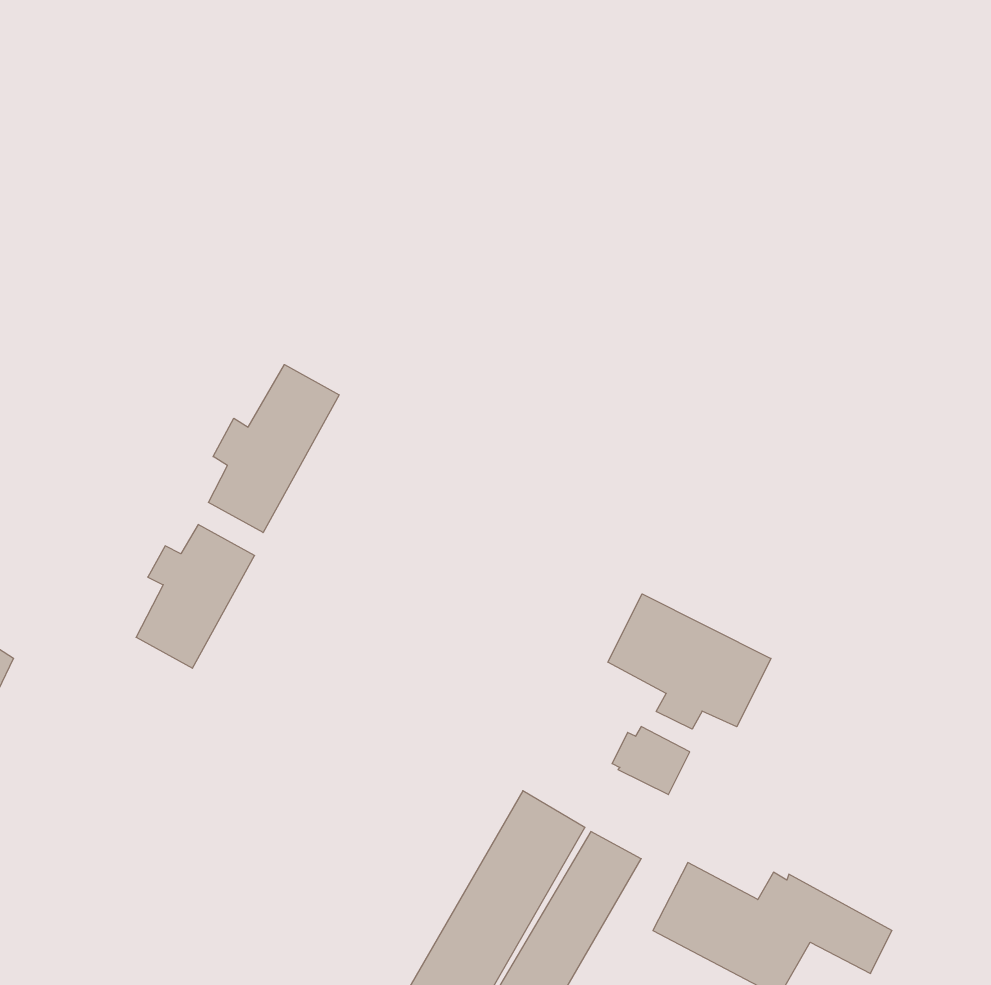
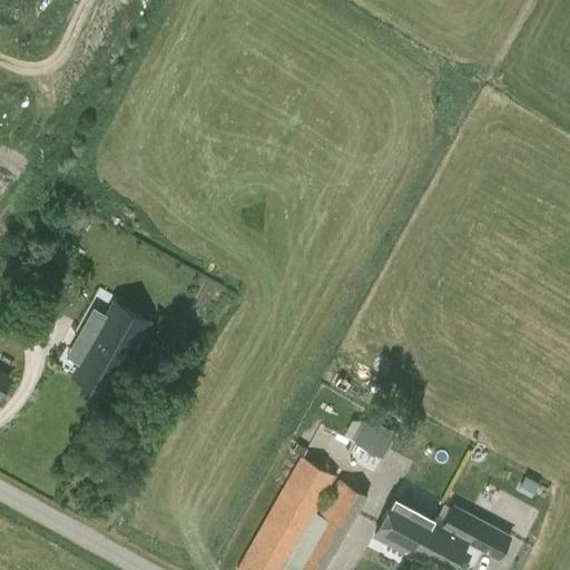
building: [208,365,339,533] -> none
building: [608,594,771,729] -> none

